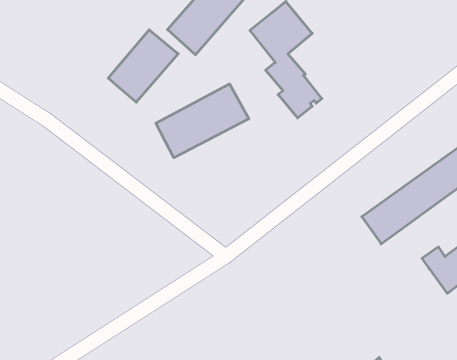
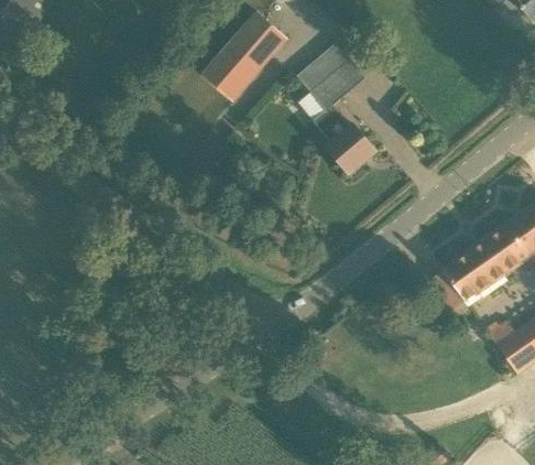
building: [108,30,178,102] -> none
building: [156,84,249,158] -> none

